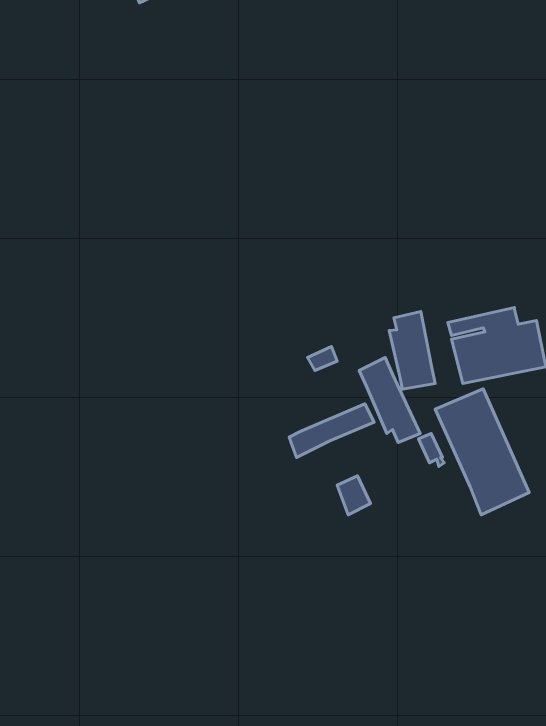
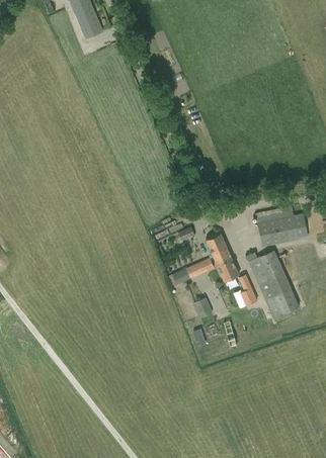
building: [389,312,435,389] -> none

